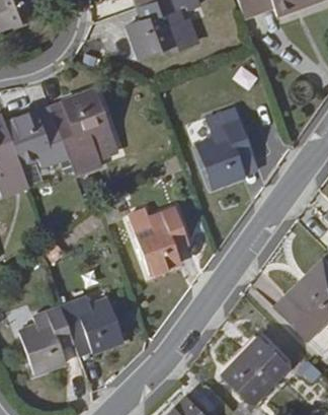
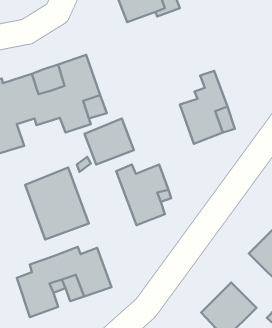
building: none -> [85,118,134,165]
building: none -> [25,168,89,239]

